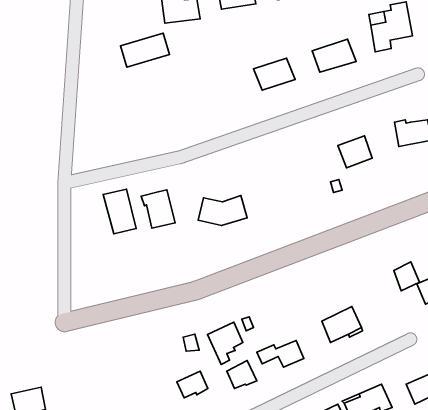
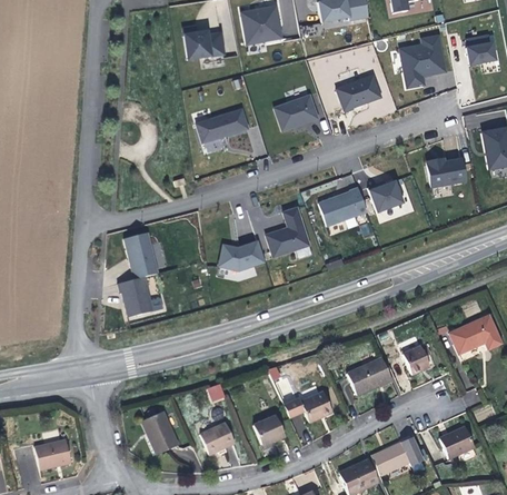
building: [121,33,170,67] -> [203,106,255,141]
building: none -> [318,188,367,227]
building: none -> [265,208,309,258]
building: [141,190,175,228] -> [117,277,152,317]
building: [394,262,419,291] -> [404,344,430,374]
building: [207,322,243,365] -> none
building: none -> [143,409,177,452]

